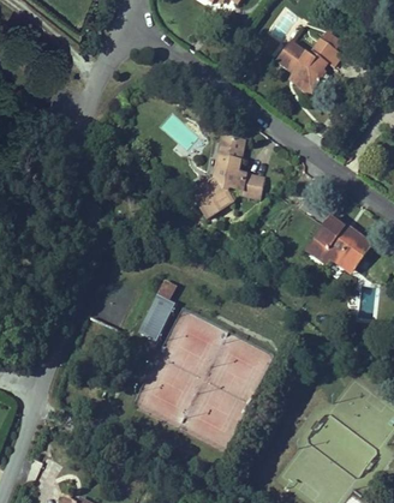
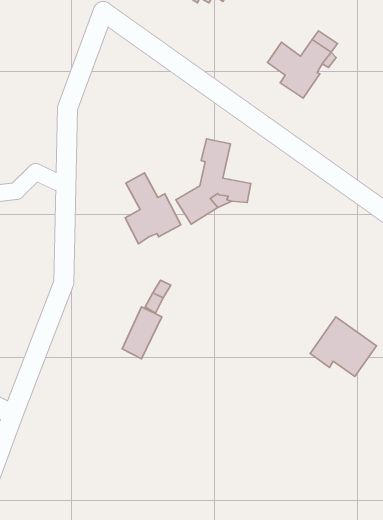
building: none -> [125,173,181,244]
building: [305,216,368,273] -> [310,317,377,376]

